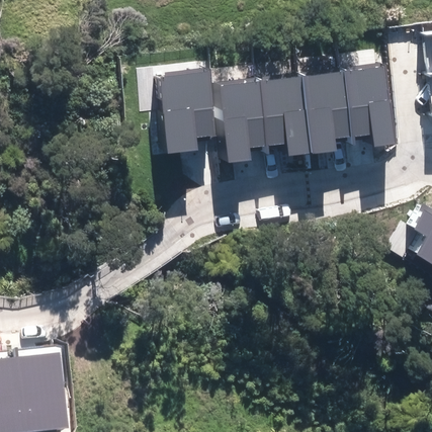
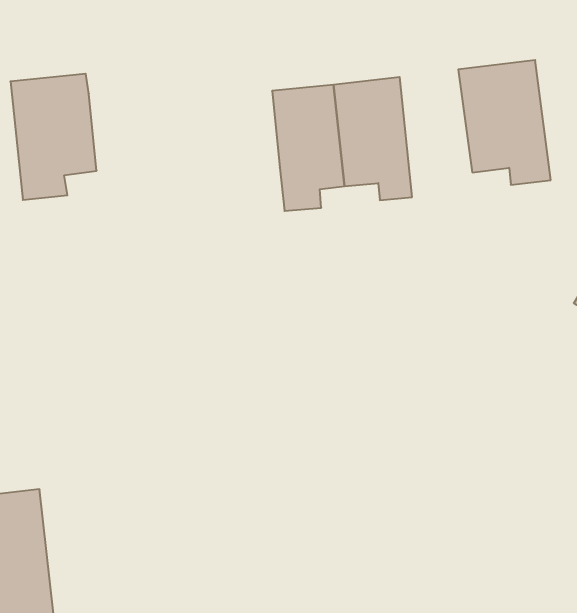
building: [295,71,343,155] -> none
building: [160,72,217,155] -> [10,74,97,200]

